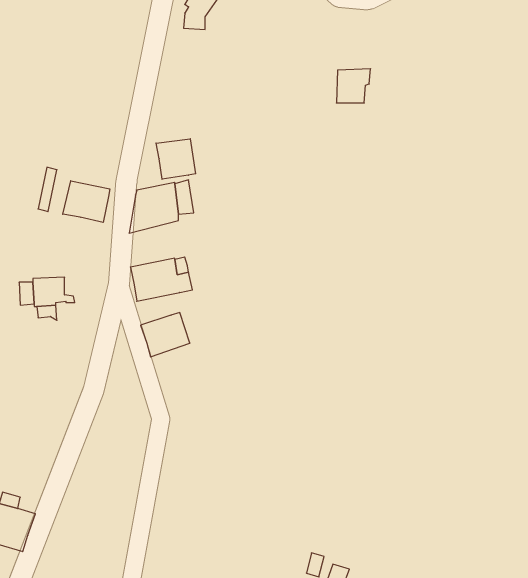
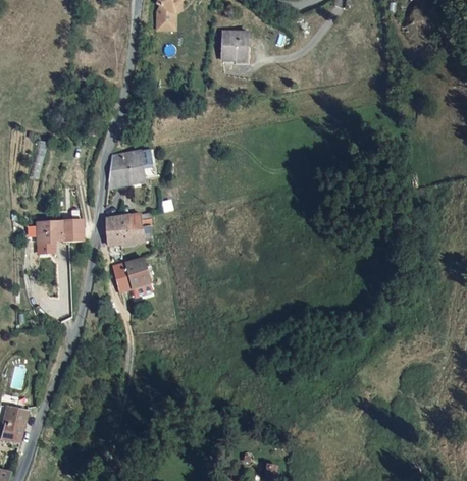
building: [336,69,371,103] -> [221,34,249,61]
building: [156,139,196,179] -> none
building: [63,181,110,222] -> none
building: none -> [54,220,84,246]

